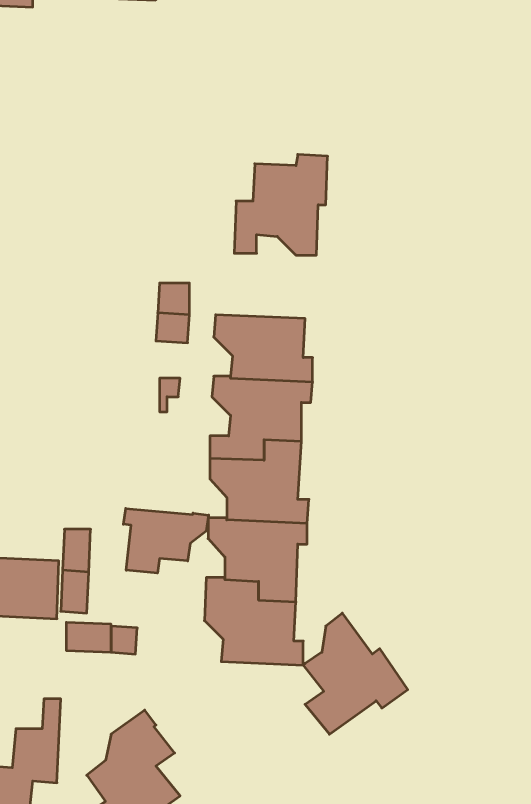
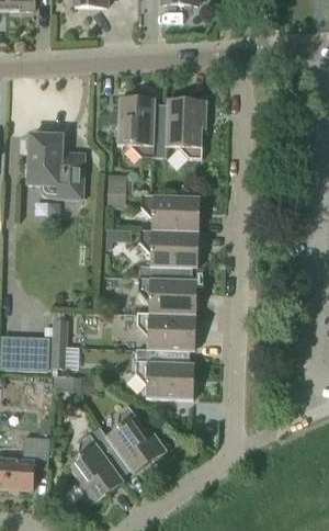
building: none -> [117,98,164,157]
building: none -> [26,132,83,199]
building: [123,508,209,573] -> none
building: [303,613,408,734] -> [105,405,167,476]

